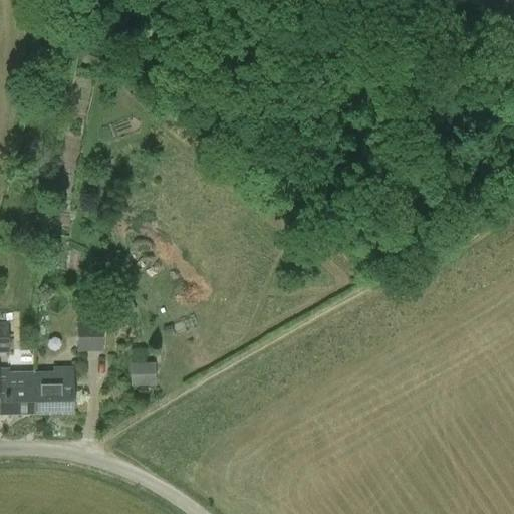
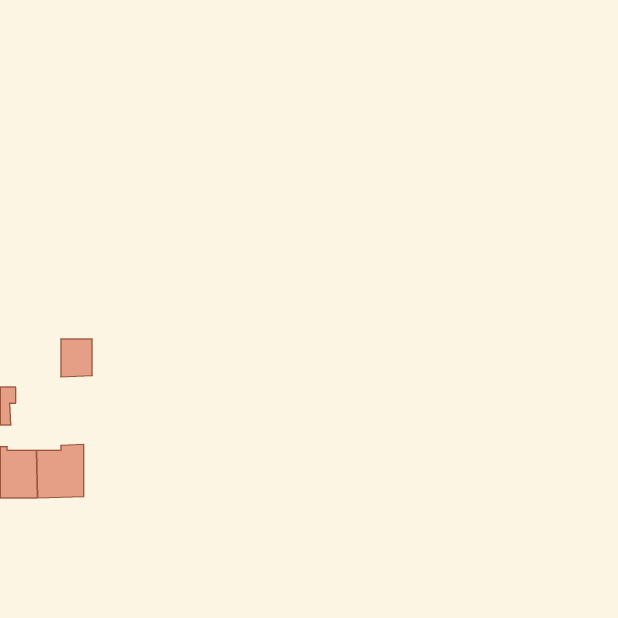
building: [78,320,104,351] -> [61,339,92,377]
building: [128,359,156,384] -> none

